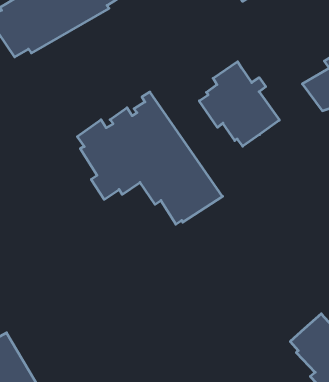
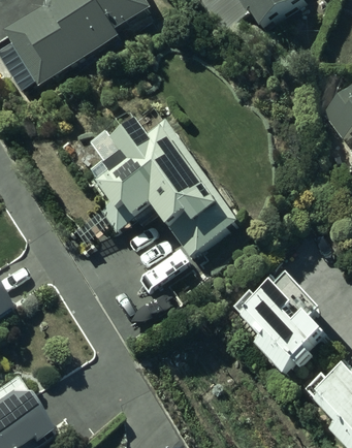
building: [199,62,279,146] -> none
building: none -> [232,270,328,379]

